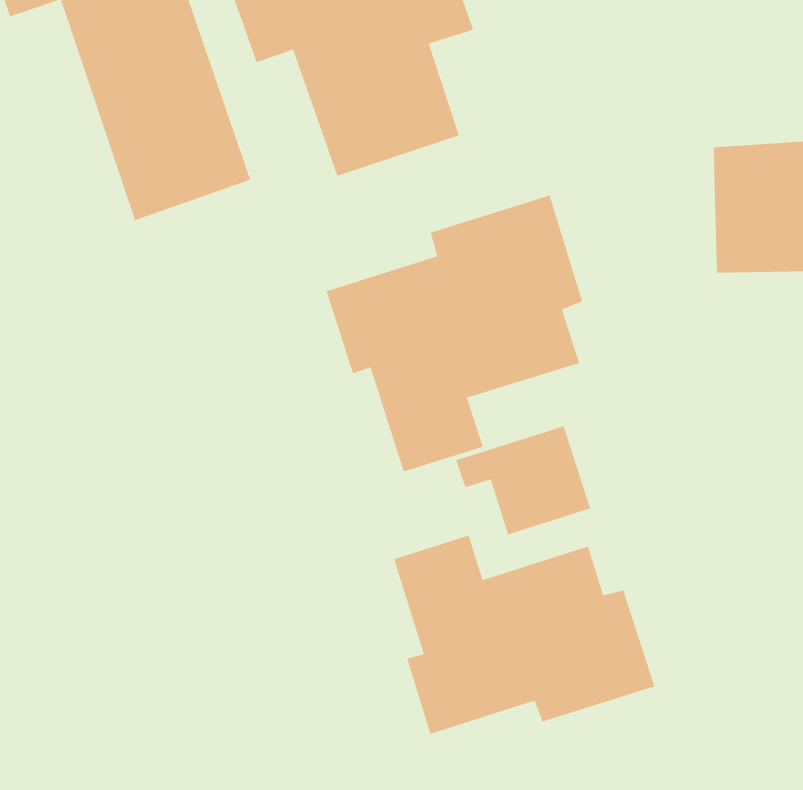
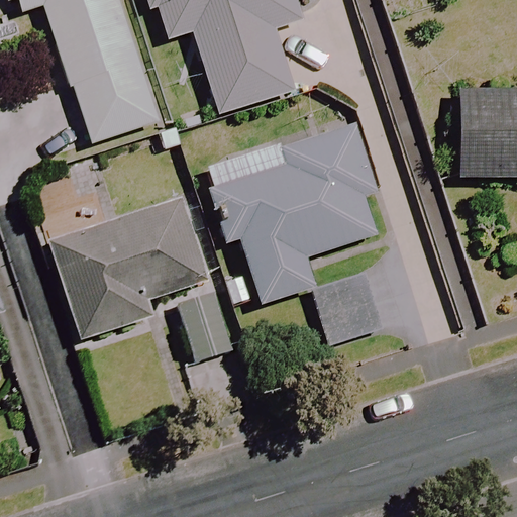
building: none -> [50,198,236,358]
building: [393,535,655,735] -> none

